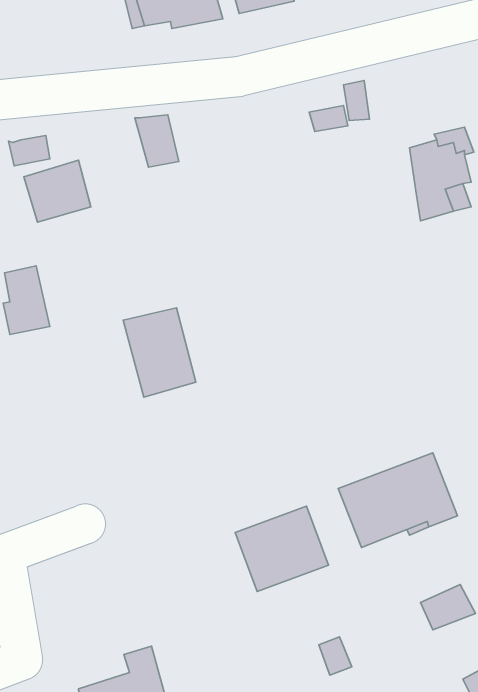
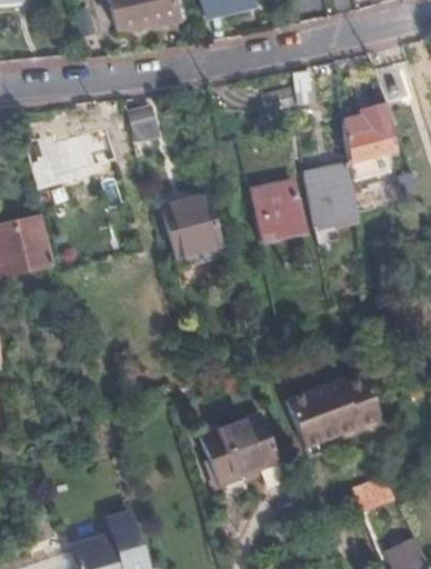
building: none -> [303,160,358,214]
building: none -> [249,181,302,240]
building: [123,308,196,397] -> [161,198,220,270]

